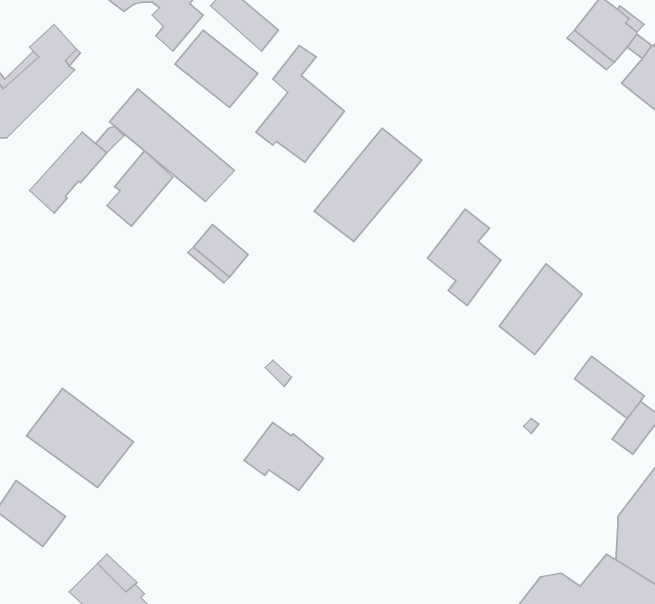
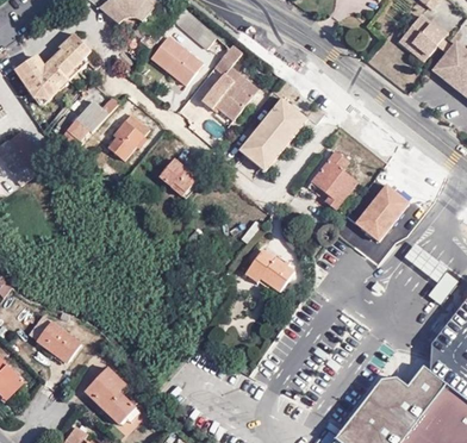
building: [110,89,234,202] -> none
building: [27,388,134,487] -> none
building: [244,423,323,491] -> [244,249,294,292]

